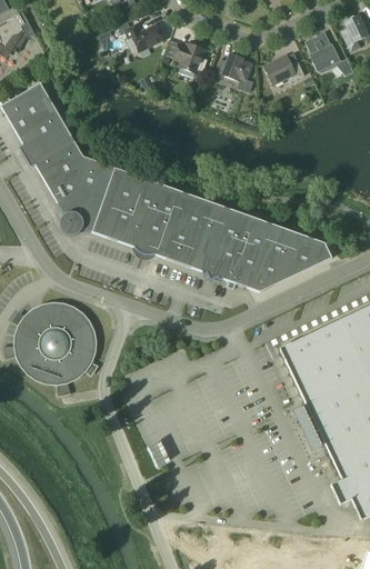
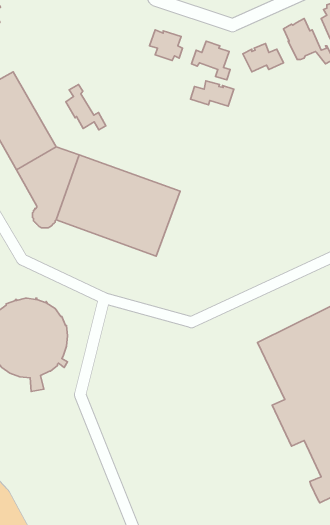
building: [124,22,163,50] -> none
building: none -> [190,81,234,106]
building: none -> [66,85,106,130]
building: [180,199,331,290] -> none

